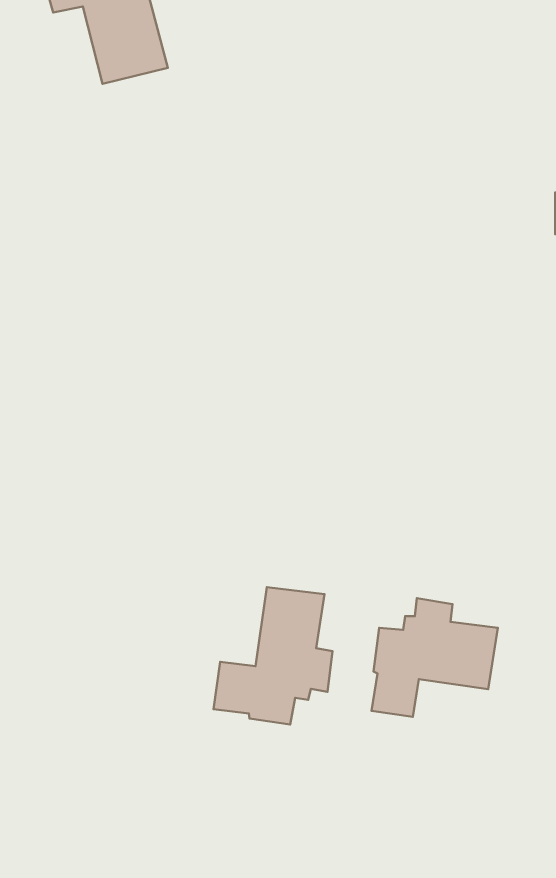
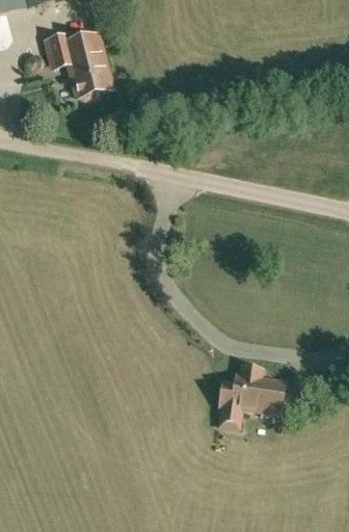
building: [214,587,333,724] -> none

